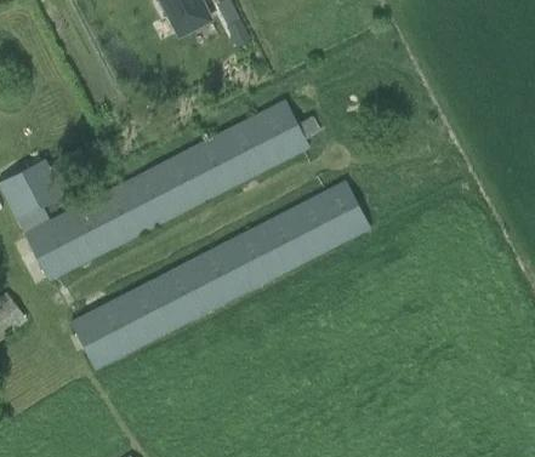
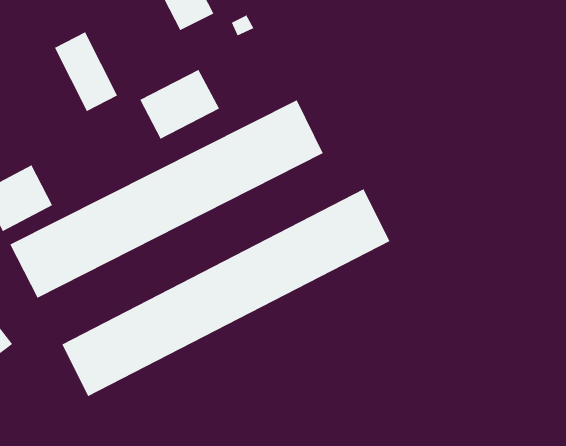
building: none -> [54,31,118,112]
building: none -> [139,69,220,140]

